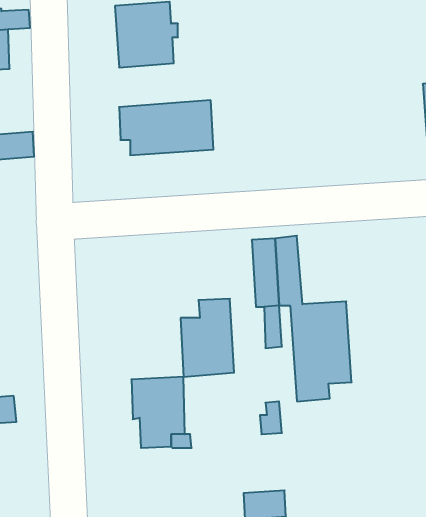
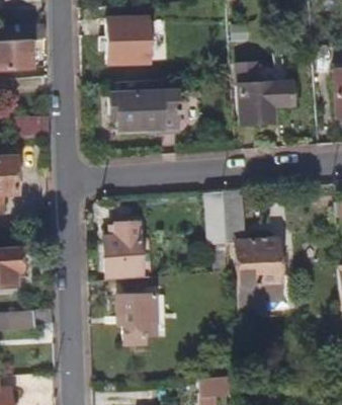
building: none -> [238,68,294,126]
building: [181,299,234,377] -> [106,222,146,279]

